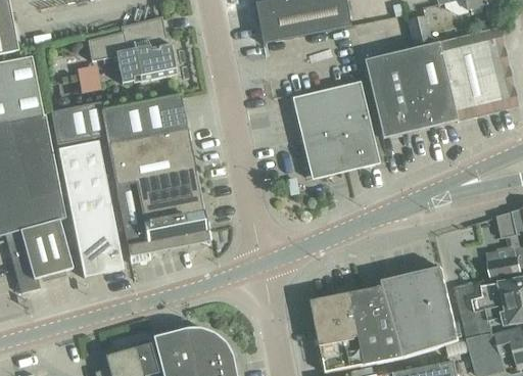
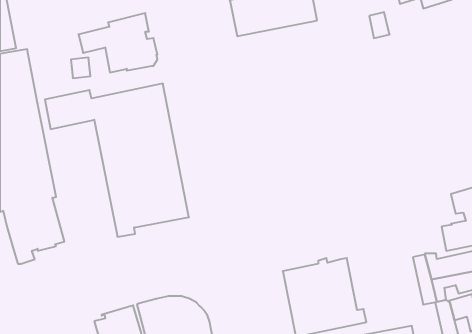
building: [363,28,515,138] -> none
building: [291,81,378,178] -> none
building: [57,140,123,277] -> none
building: [376,267,459,357] -> none

